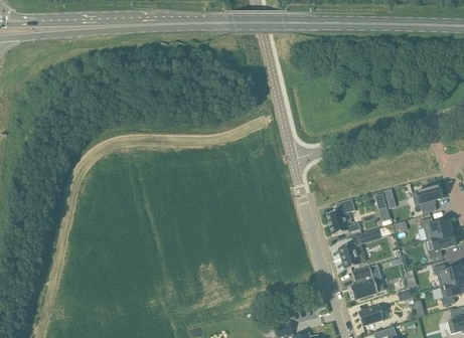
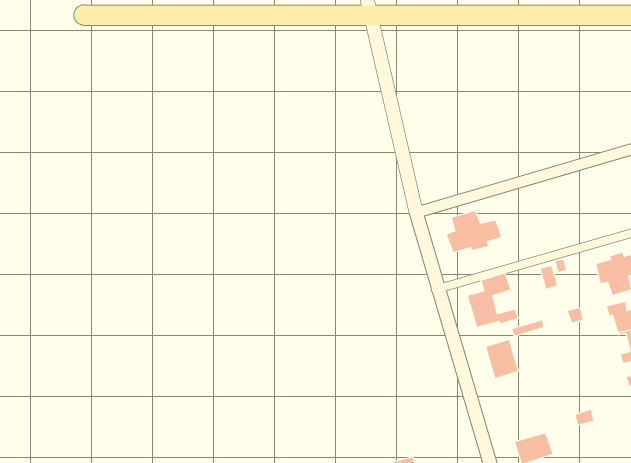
building: none -> [446,210,502,253]
building: [350,263,382,298] -> none

